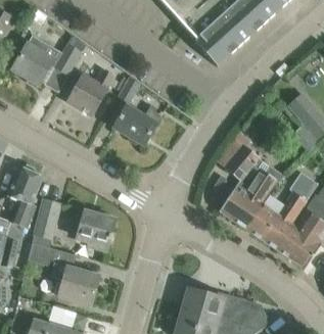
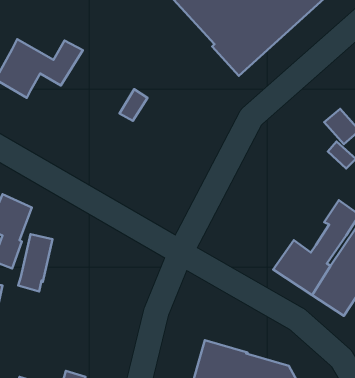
building: [67,69,113,114] -> none
building: [112,104,163,144] -> none
building: [219,146,283,228] -> none
building: [77,210,114,249] -> none
building: [27,241,99,304] -> none

